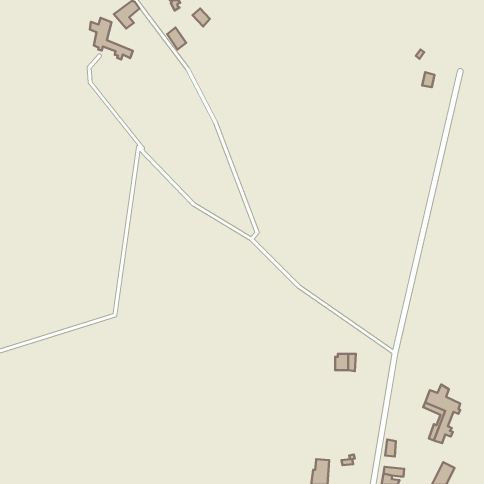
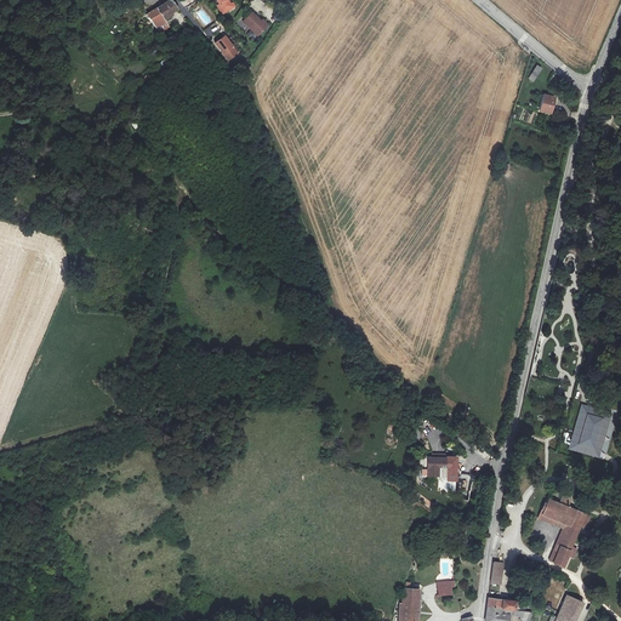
building: [90,18,133,59] -> none
building: none -> [566,405,608,458]

